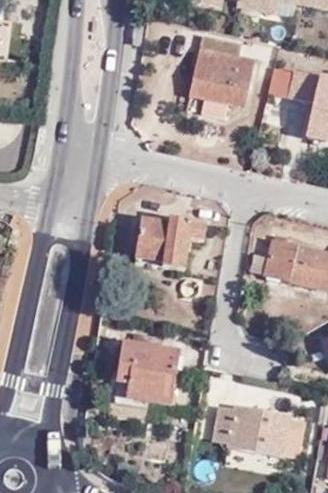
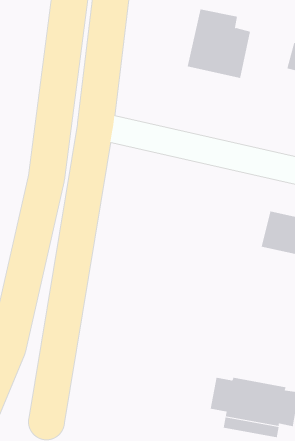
building: [134,217,205,267] -> none
building: [115,341,178,404] -> none

